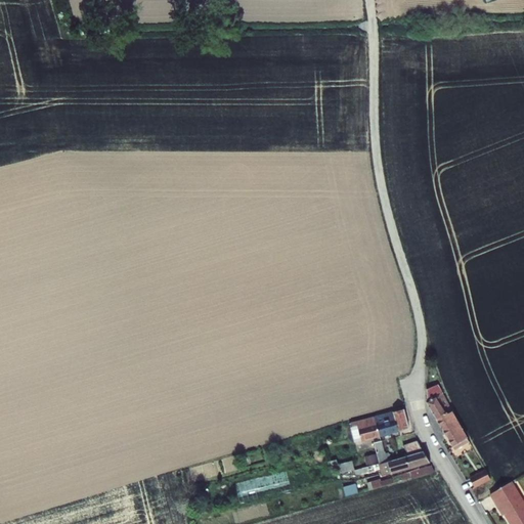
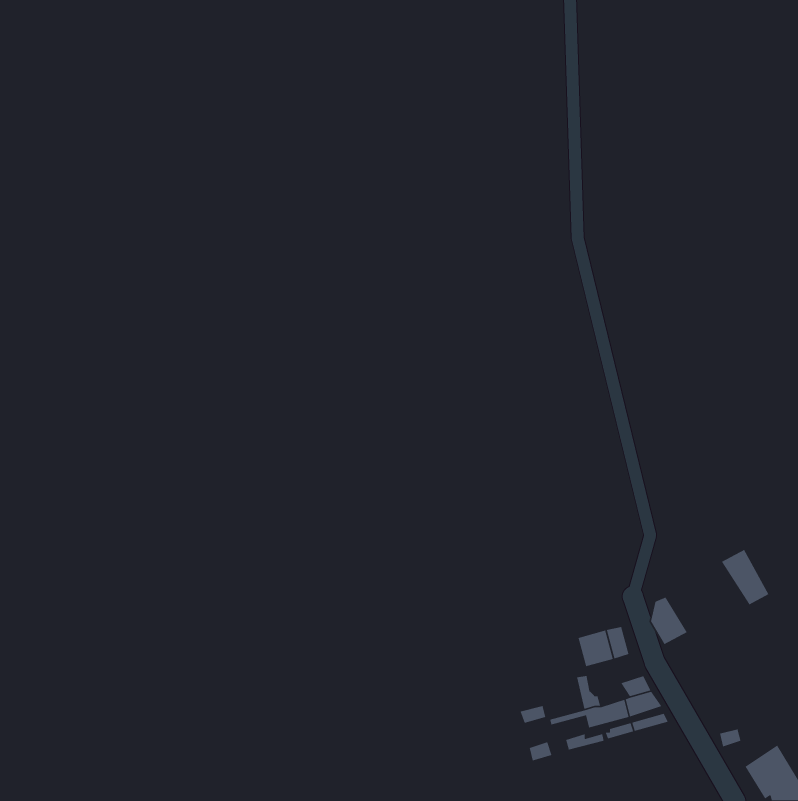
building: [436,411,468,448] -> [721,549,770,606]
building: [355,414,385,440] -> none

